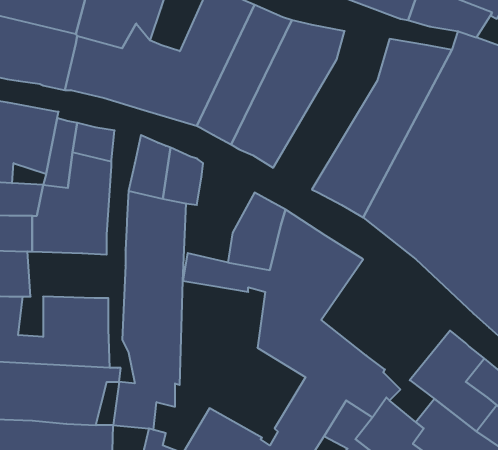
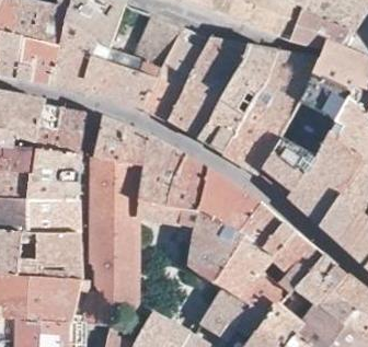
building: none -> [197,43,279,154]
building: none -> [137,136,184,206]
building: none -> [24,198,81,231]
building: none -> [231,204,322,296]

